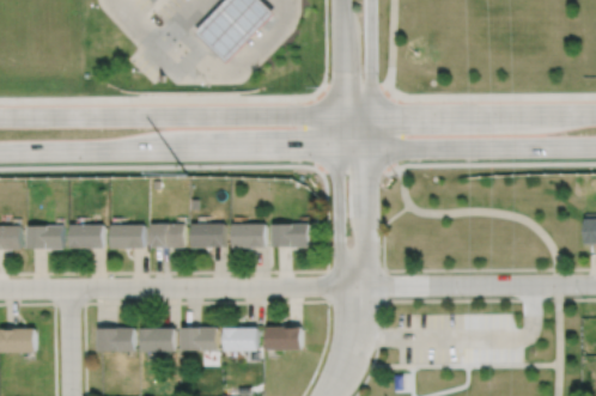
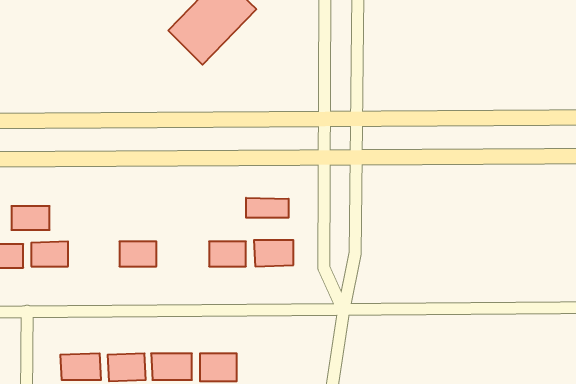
building: none -> [246,198,289,218]
building: [191,225,226,248] -> none
building: [110,226,145,248] -> [11,206,50,230]
building: [266,325,302,349] -> none

